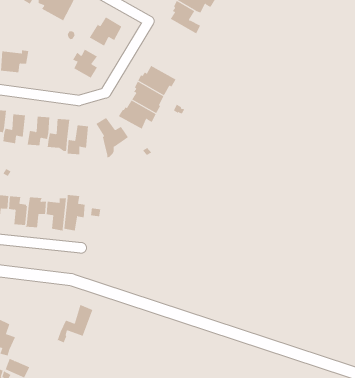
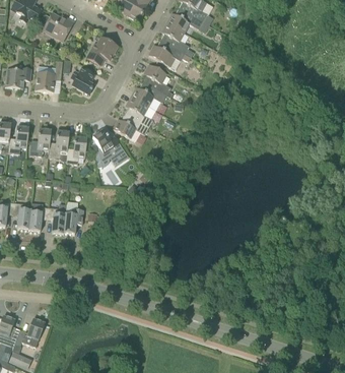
building: none -> [149,39,190,69]
building: none -> [34,60,62,91]
building: none -> [143,64,172,97]
building: [57,304,93,343] -> [11,317,45,353]

